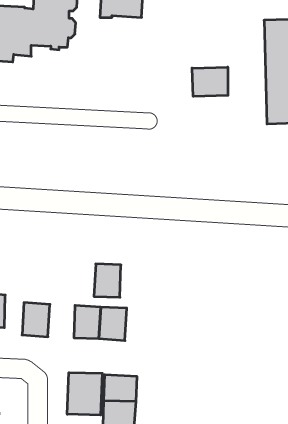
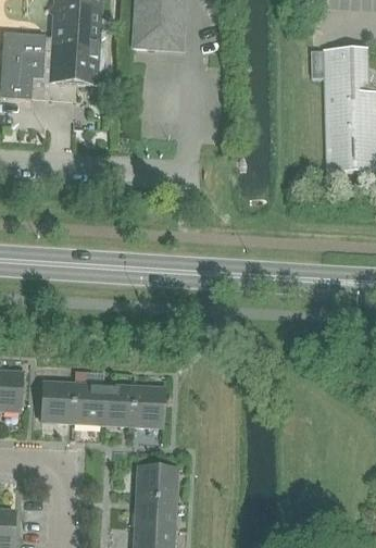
building: [192,67,228,96] -> none
building: [94,264,121,297] -> [71,383,102,422]
building: [67,373,102,415] -> none

